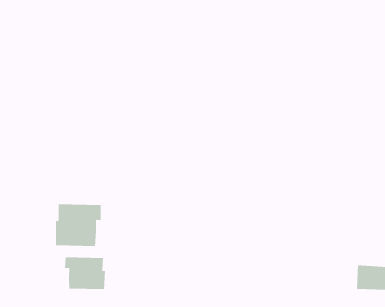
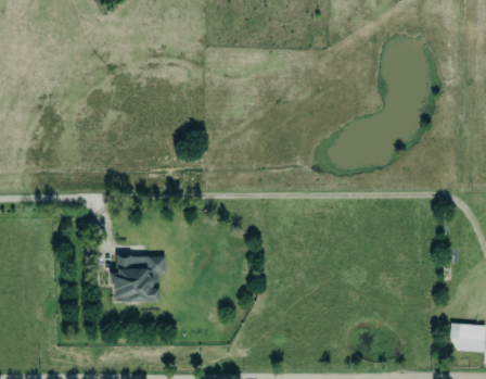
building: [65,257,105,290] -> none

